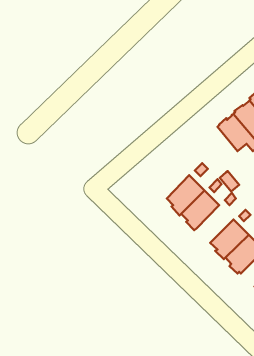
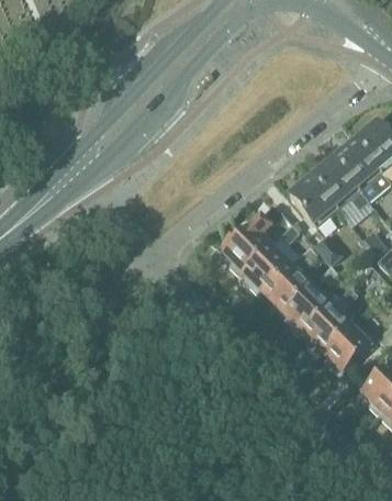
building: none -> [289,175,338,226]
building: none -> [220,204,281,275]
building: none -> [282,281,333,335]

